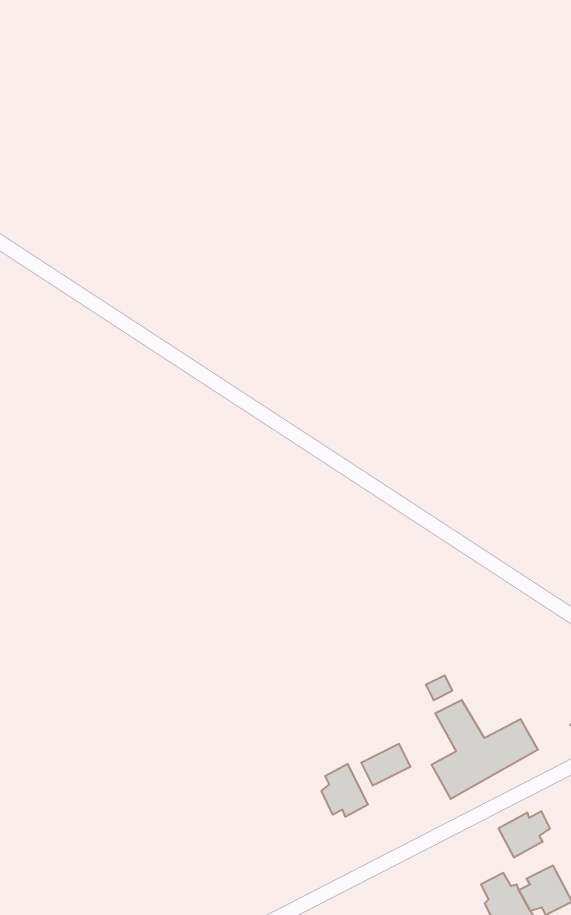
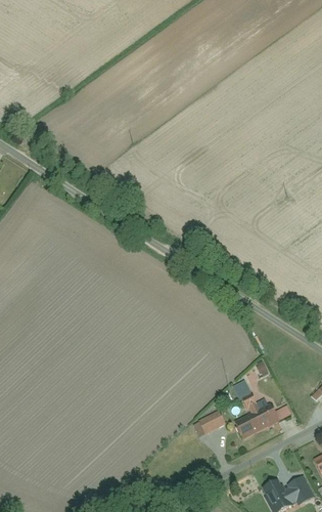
building: [321,764,368,817] -> none
building: [499,811,550,858] -> none

